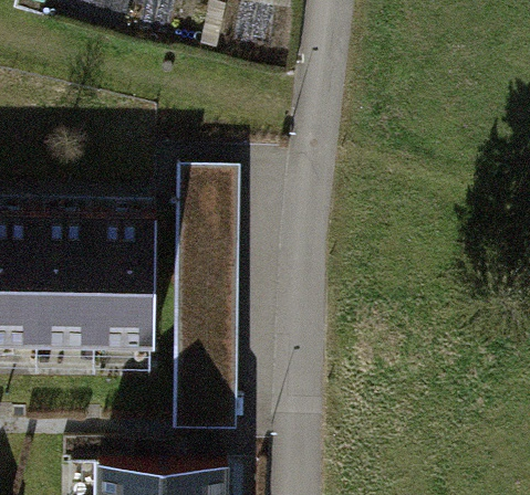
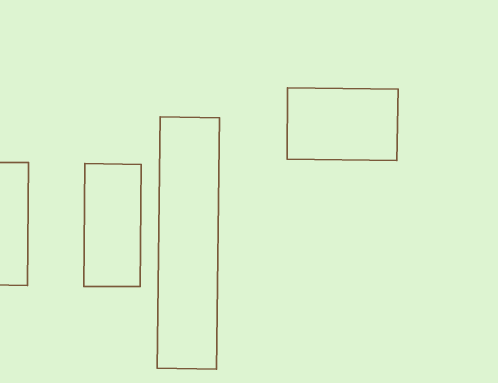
building: none -> [287,88,398,161]
building: [38,218,97,347] -> none

